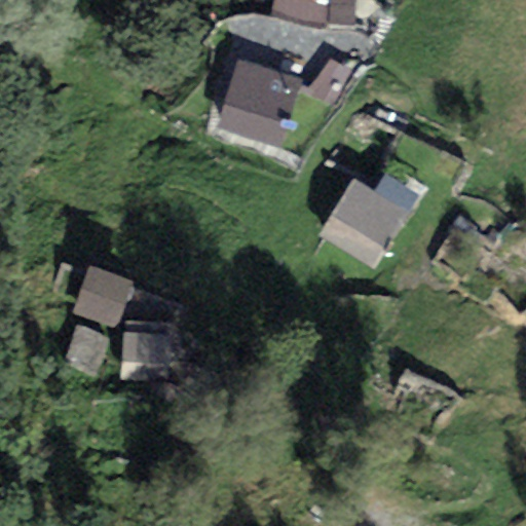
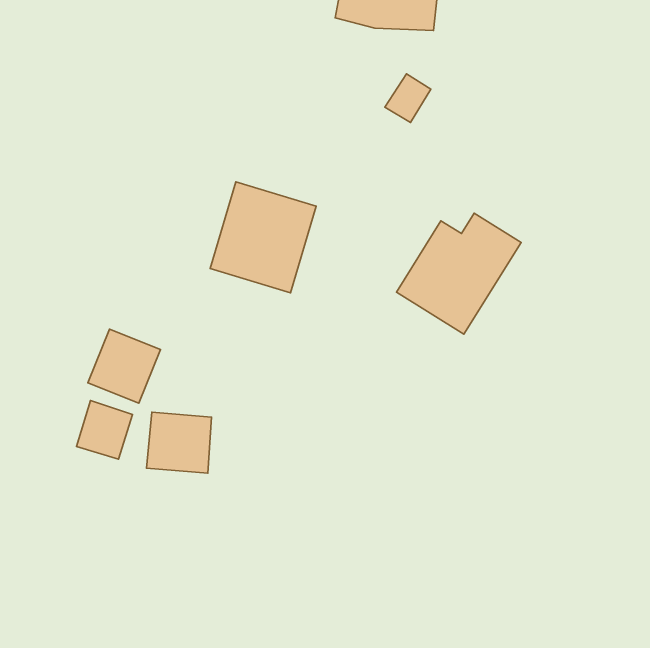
building: [217,59,302,148] -> [210,182,316,293]

